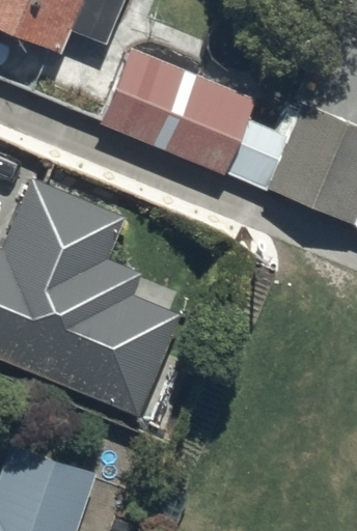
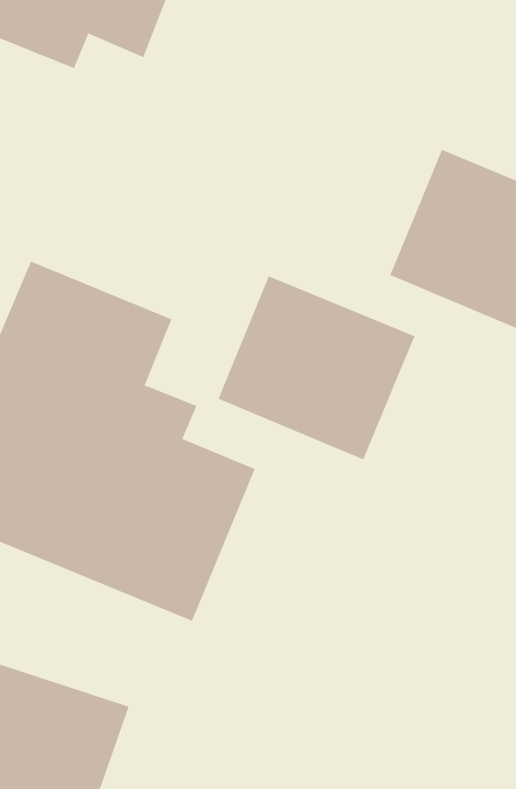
building: [101,49,254,173] -> none
building: none -> [218,276,415,460]

